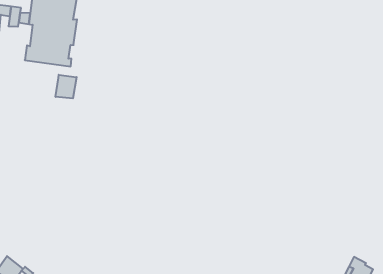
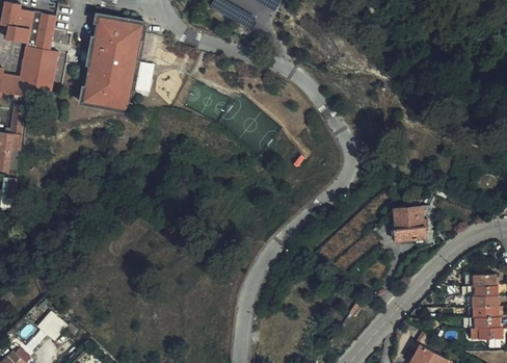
building: [56,75,77,98] -> none
building: none -> [393,205,431,245]

